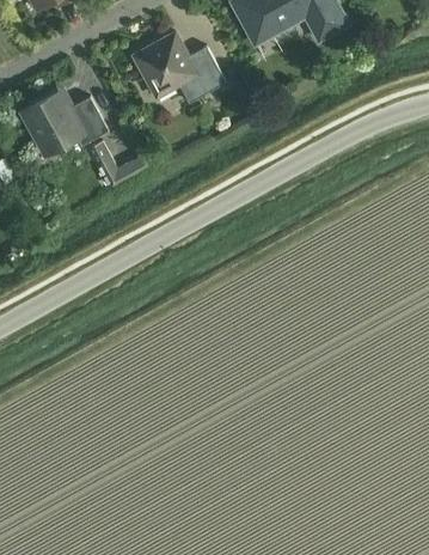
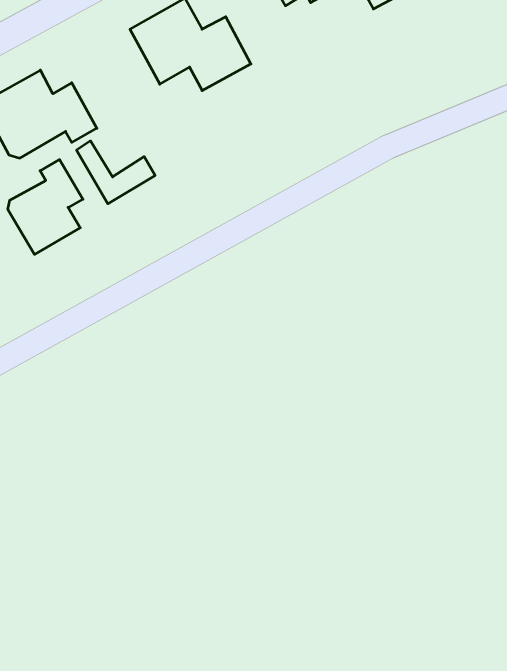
building: none -> [8,160,83,254]

